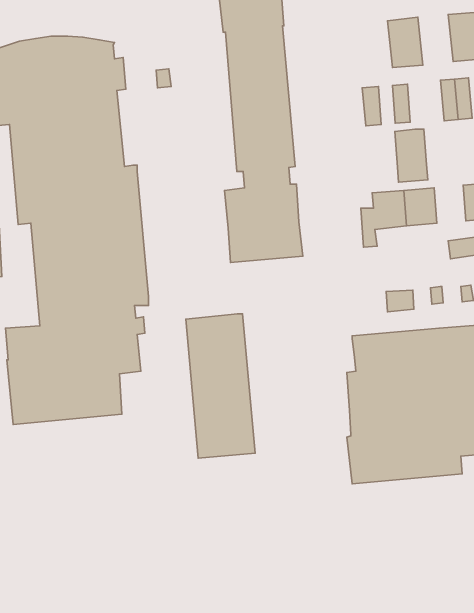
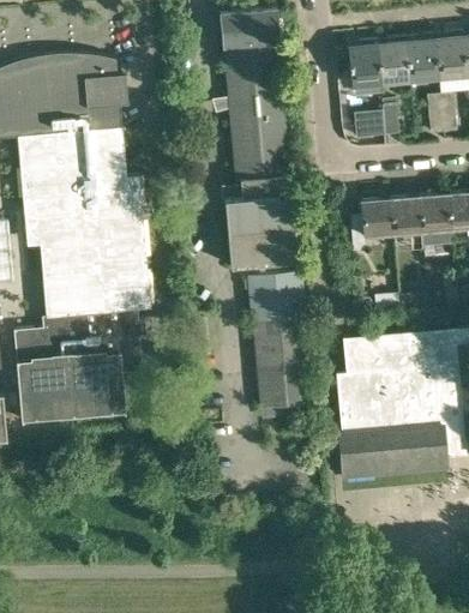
building: none -> [405,34,439,82]
building: none -> [345,40,381,86]
building: [395,129,428,182] -> [421,196,452,246]
building: [186,314,255,458] -> [248,272,314,409]

